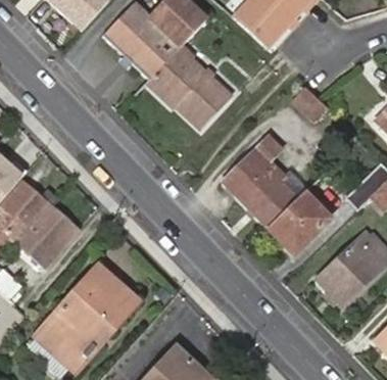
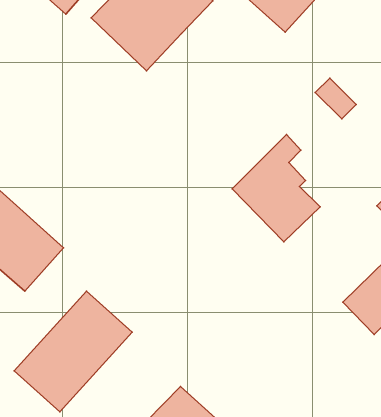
building: [148,48,230,128] -> none
building: [267,187,330,252] -> none

